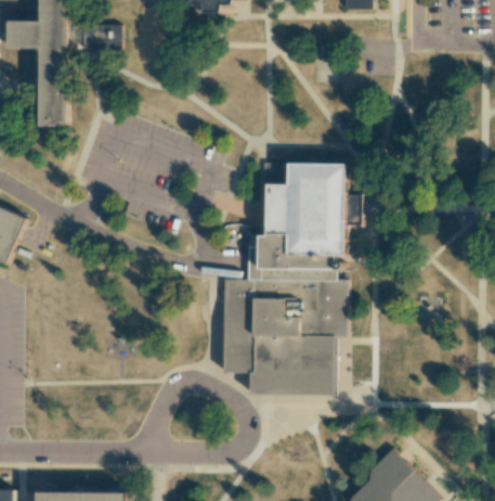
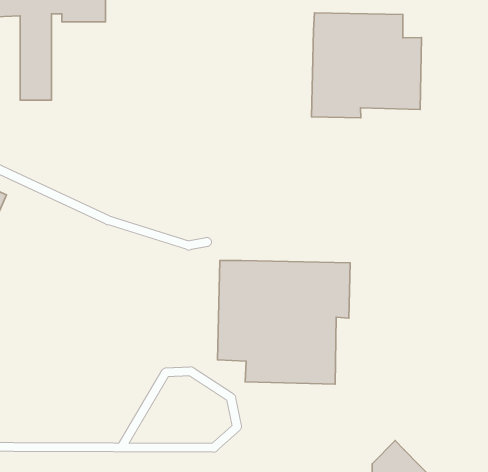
building: none -> [311,13,421,118]
building: [245,158,362,282] -> none

